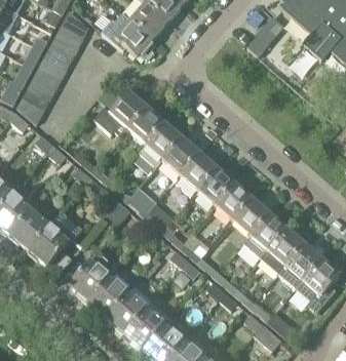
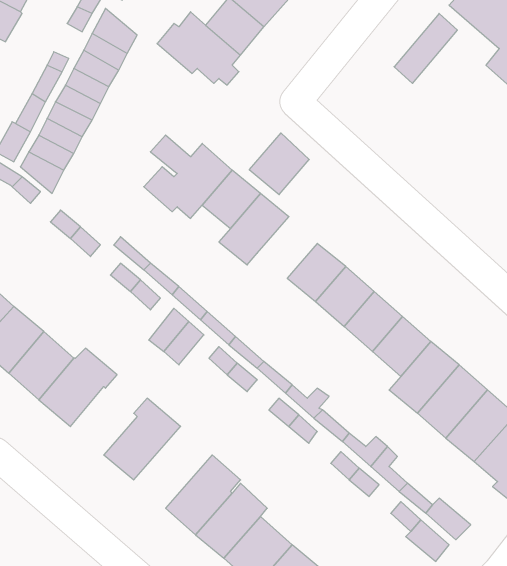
building: [162,137,199,175] -> [249,133,309,195]
building: [86,267,134,317] -> none

